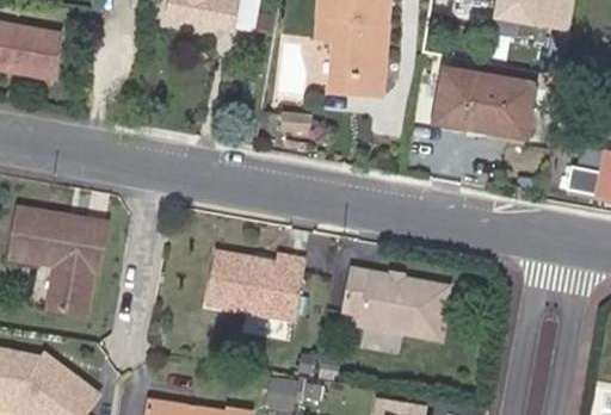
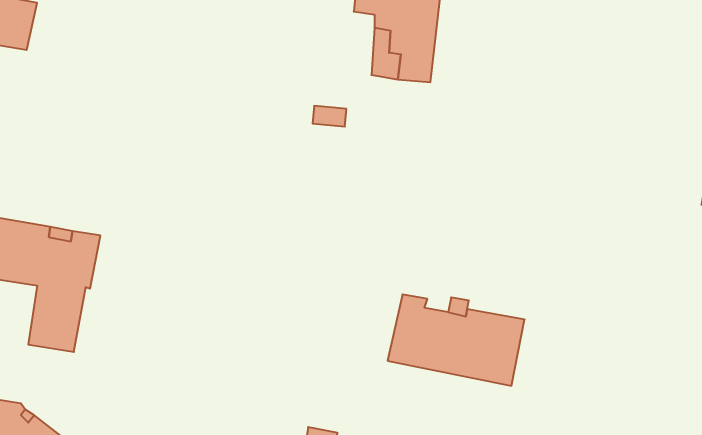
building: [436,67,535,137] -> none
building: [206,252,304,321] -> none

